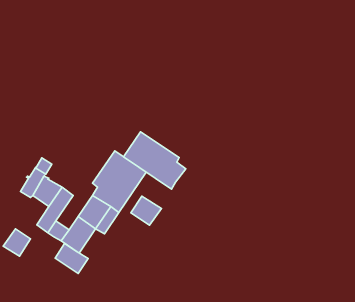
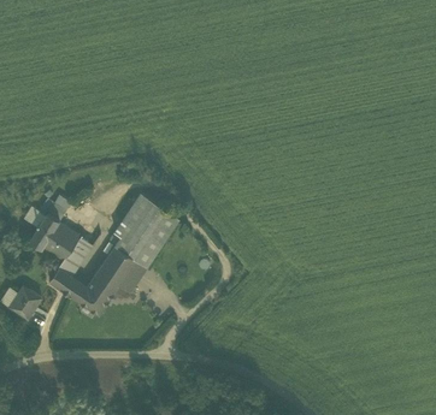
building: [124,132,186,189] -> none
building: [131,196,161,225] -> none
building: [55,244,88,274] -> none

